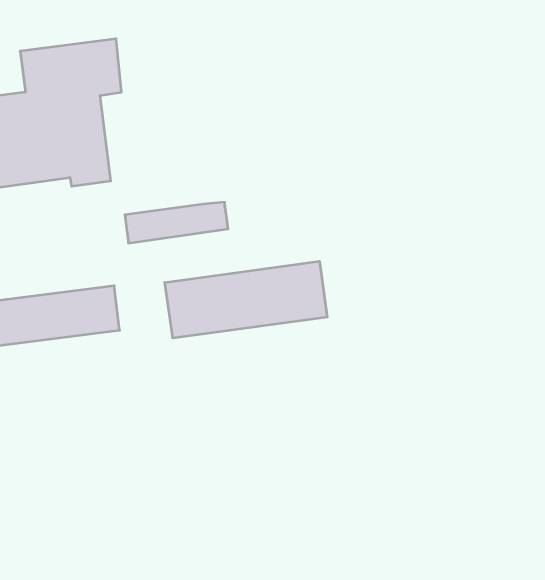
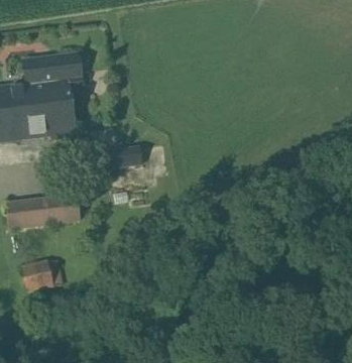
building: [165,261,327,338] -> none
building: none -> [18,257,64,290]

